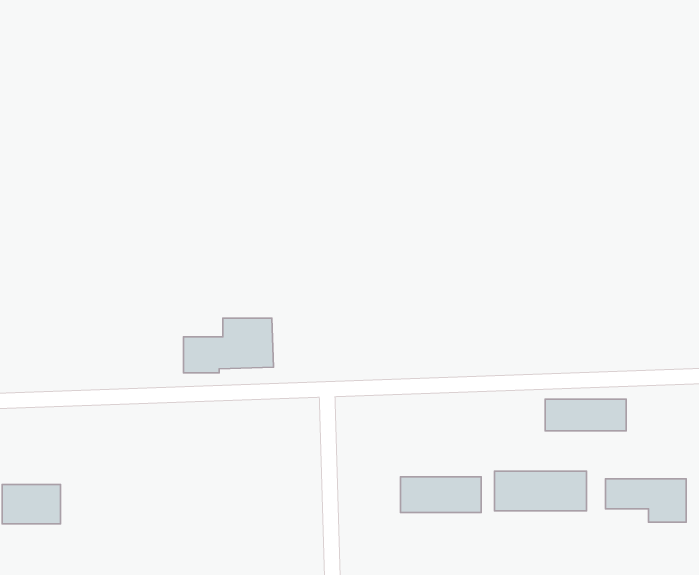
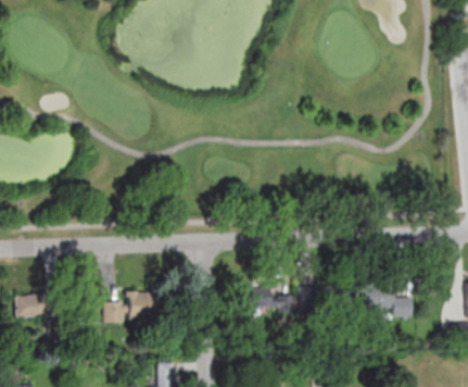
building: [183,318,274,373] -> [104,291,156,323]
building: [545,399,626,431] -> none

